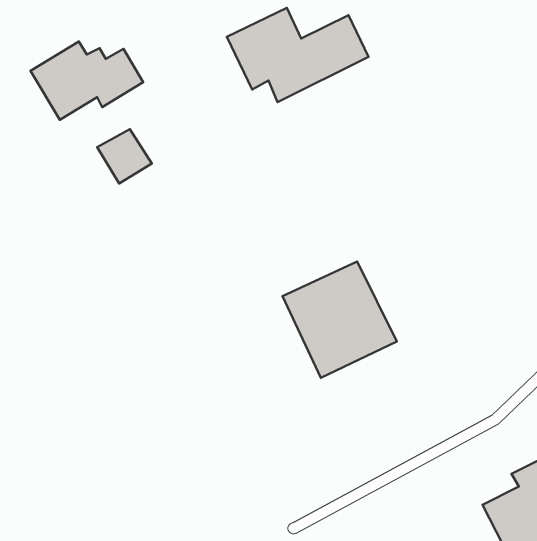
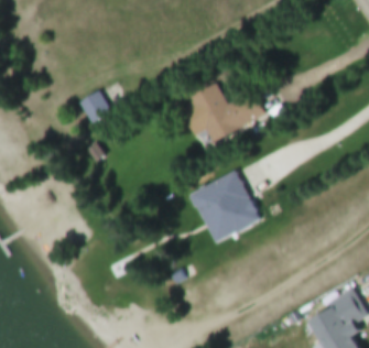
building: [227,8,368,102] -> [180,86,265,143]
building: [30,41,143,120] -> none

